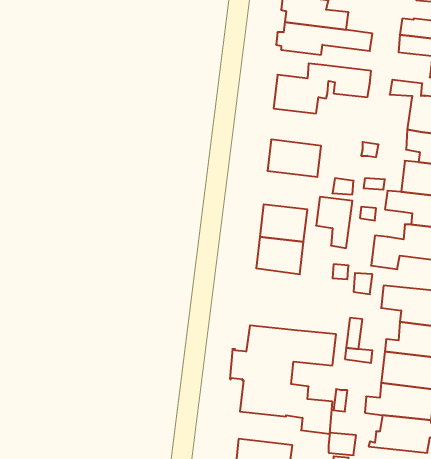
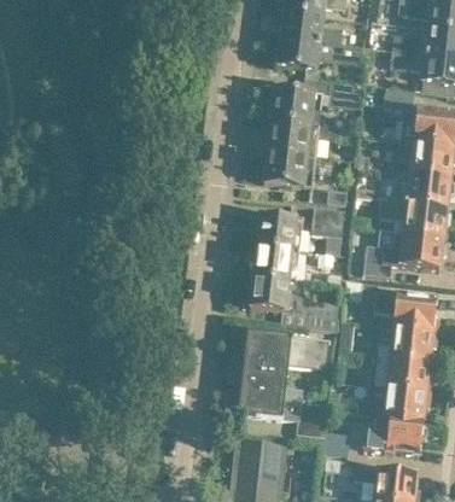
building: none -> [268,119,360,156]
building: none -> [250,274,338,329]

